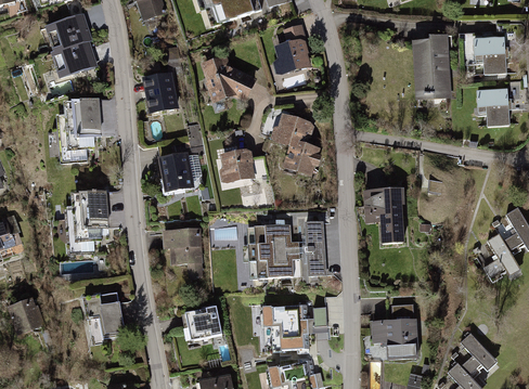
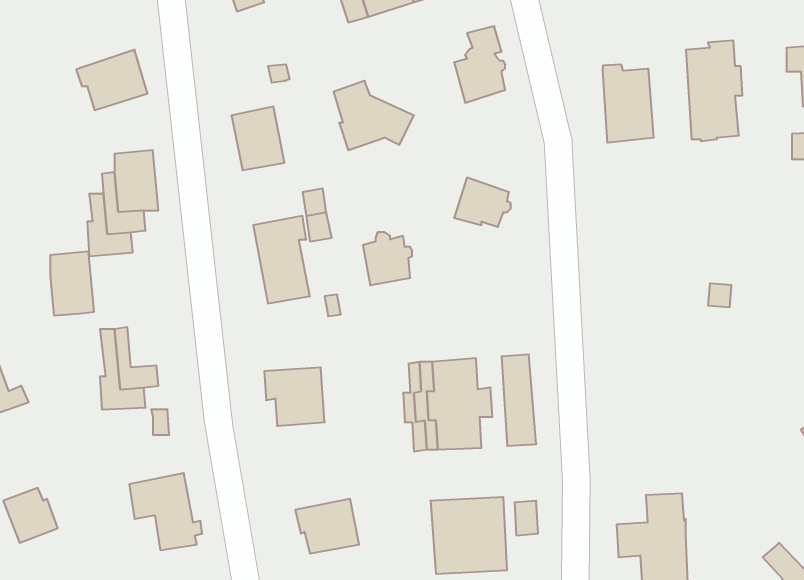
building: [49,15,89,51] -> none
building: none -> [603,64,653,143]
building: [285,141,319,172] -> none
building: [365,190,401,242] -> none
building: [82,191,108,229] -> [50,251,94,315]

